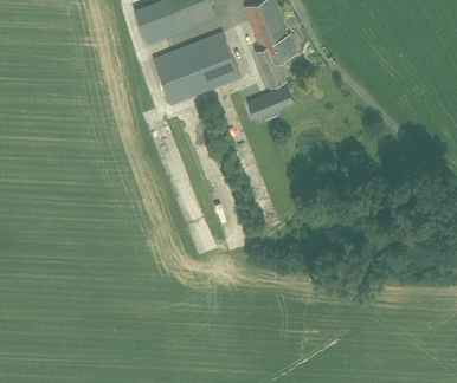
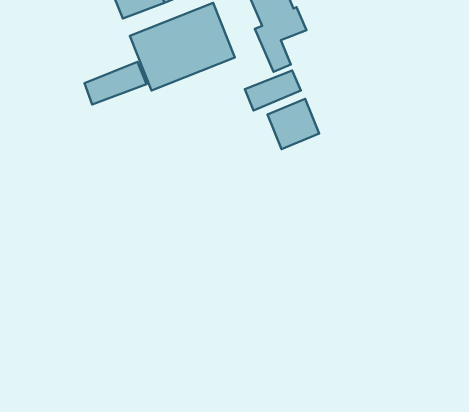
building: none -> [84,62,147,105]
building: none -> [268,99,319,149]

